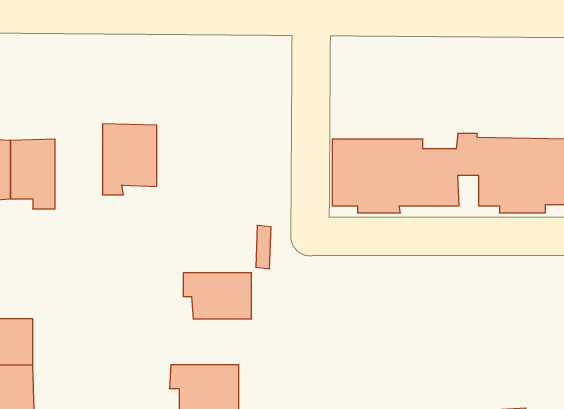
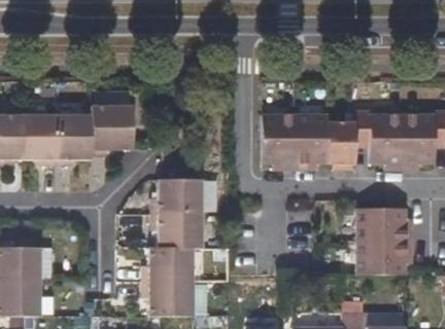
building: none -> [57,114,92,166]
building: none -> [151,179,202,213]
building: none -> [356,209,412,275]
building: none -> [142,247,193,281]

